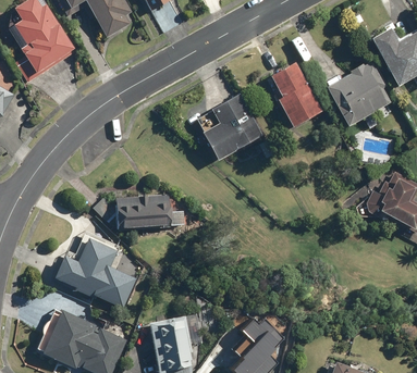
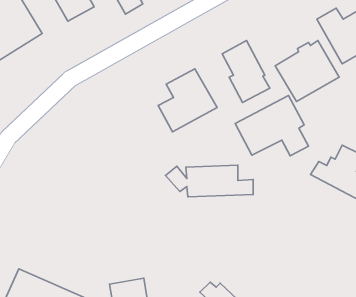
building: none -> [235,96,309,156]
building: [91,195,185,228] -> [166,165,253,197]
building: [58,235,138,304] -> none

